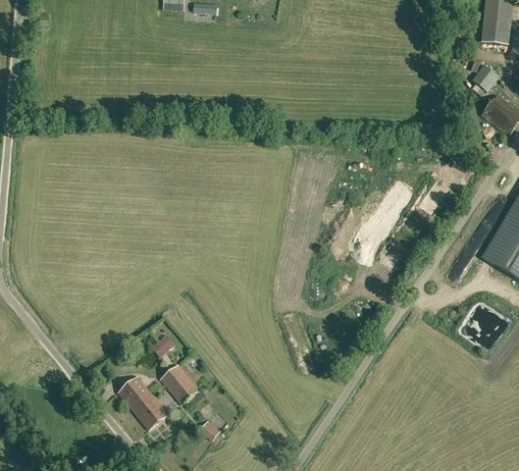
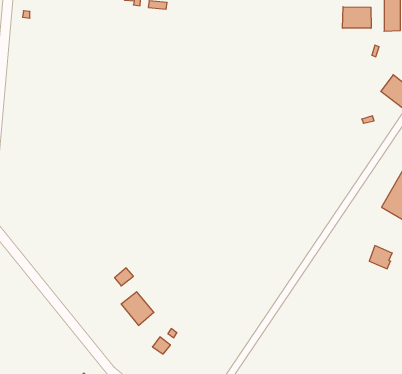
building: none -> [343,7,371,28]
building: [472,65,500,92] -> none
building: [118,375,169,431] -> none

